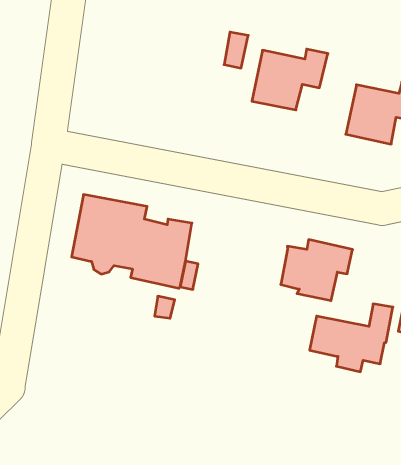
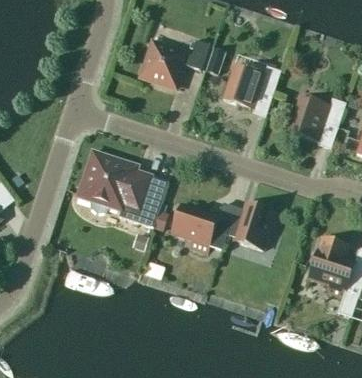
building: none -> [141,40,210,87]
building: [310,304,393,372] -> [171,204,235,252]

